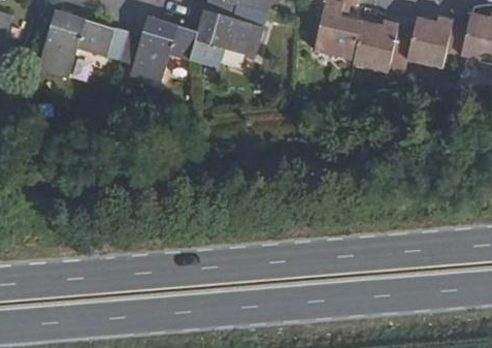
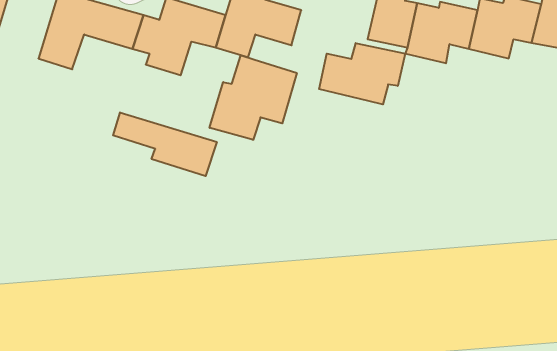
building: none -> [319,43,405,104]
building: none -> [210,55,297,140]
building: none -> [113,112,217,176]

